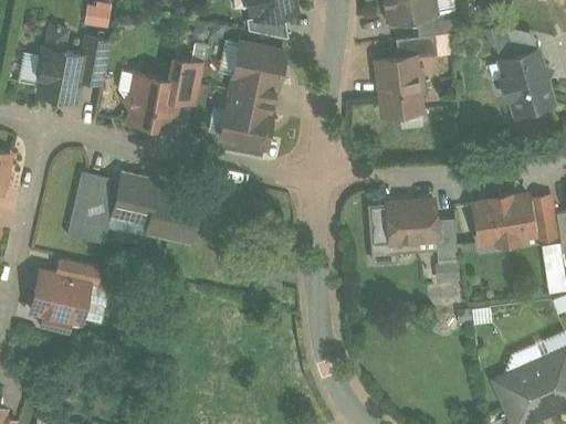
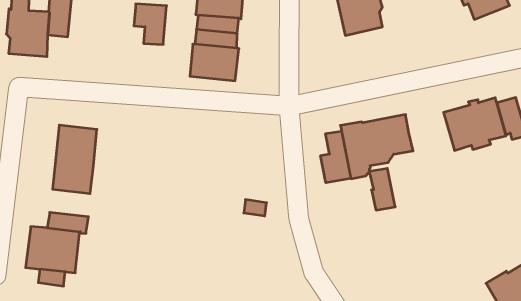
building: [124,75,179,129] -> none
building: [111,172,200,245] -> none
building: none -> [321,131,351,183]
building: [434,220,457,261] -> [369,168,395,210]

